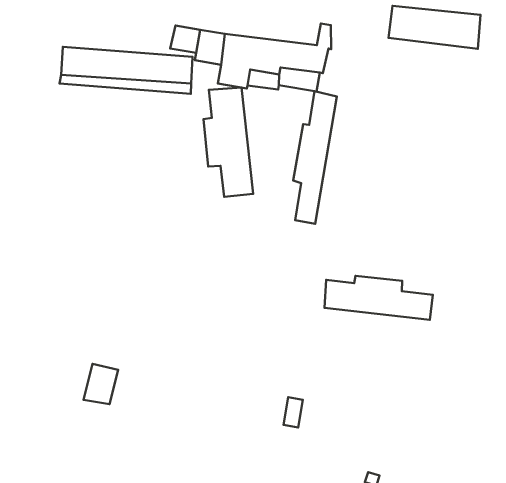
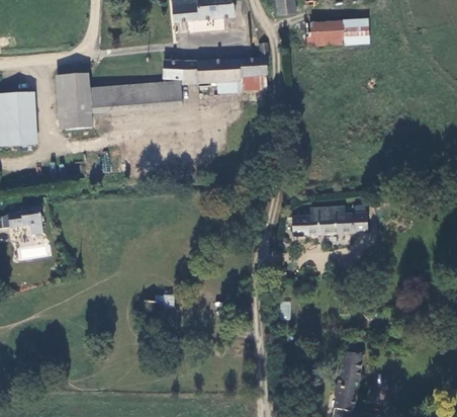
building: none -> [60,73,91,128]
building: [203,88,253,197] -> none
building: [293,91,337,224] -> none

